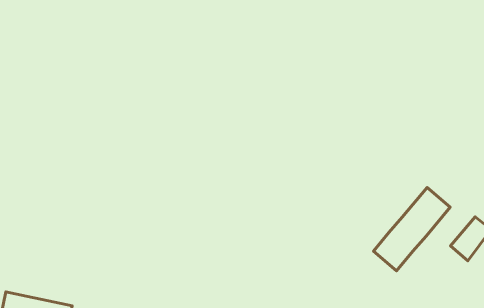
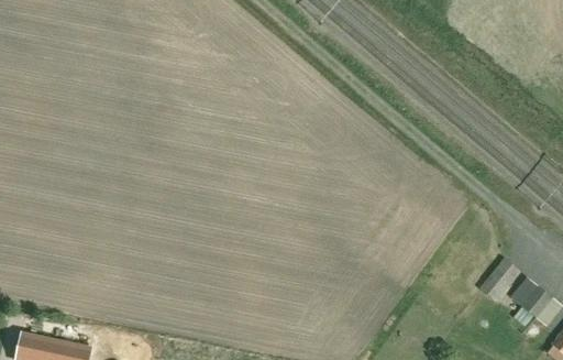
building: [373,188,450,271] -> none

